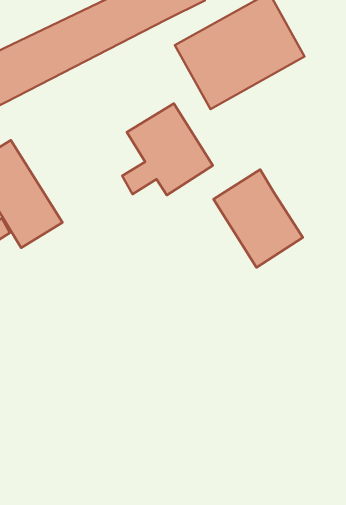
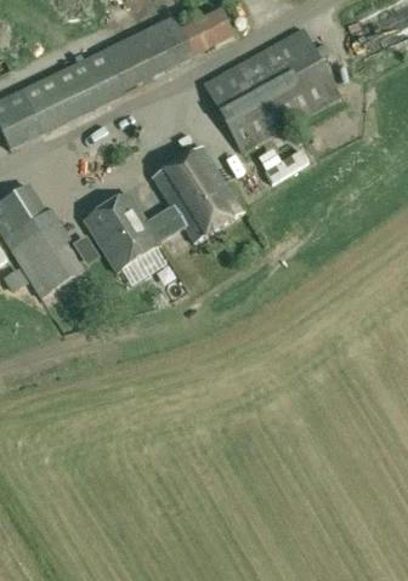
building: none -> [84,190,160,270]
building: [213,170,303,267] -> none

